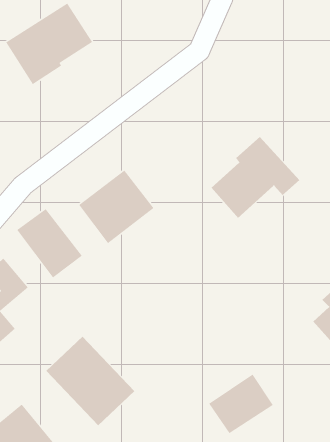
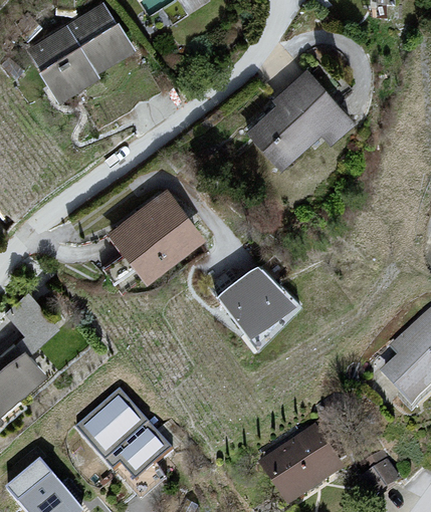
building: [211,136,300,219] -> [249,74,352,169]
building: [16,208,83,278] -> none
building: none -> [220,272,291,335]

